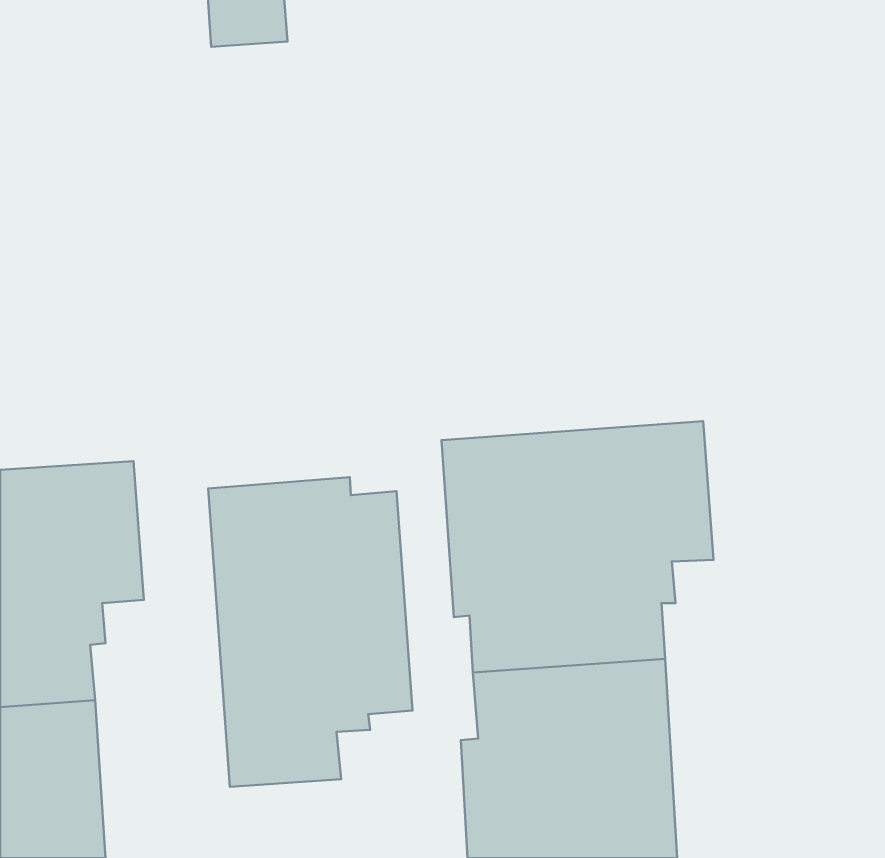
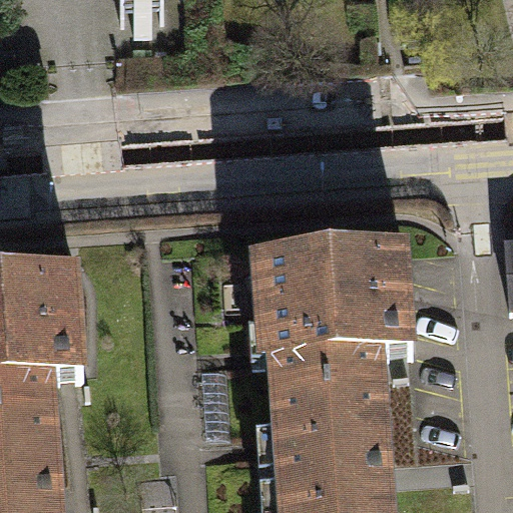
building: [208,477,413,787] -> none

